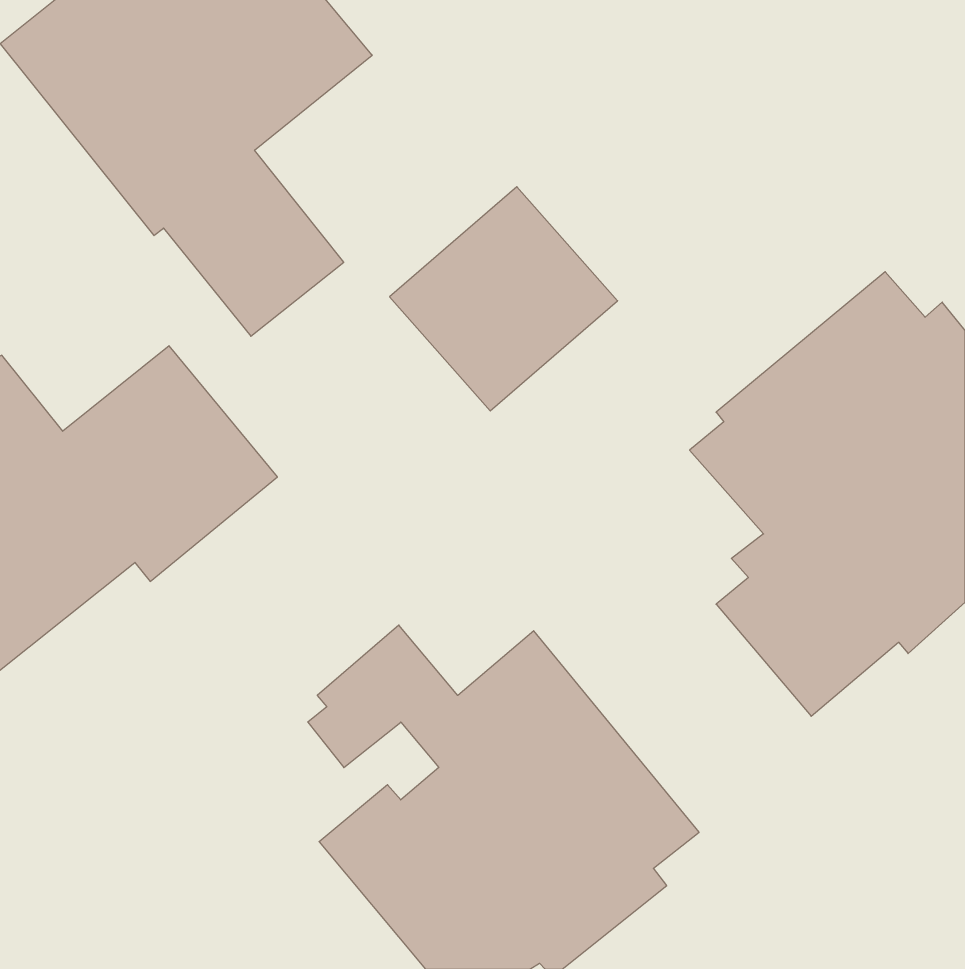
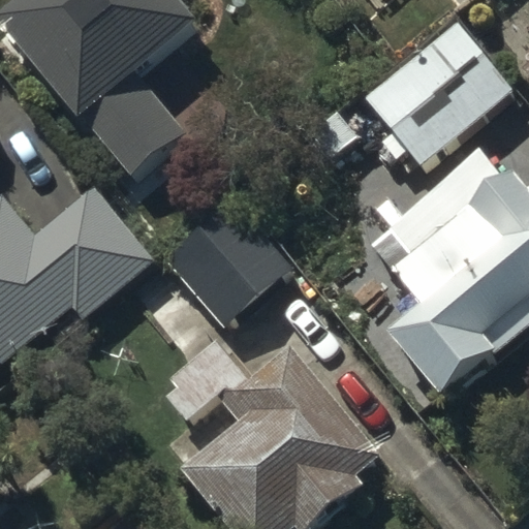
building: none -> [369,29,514,173]
building: [390,187,618,411] -> [169,204,293,325]

